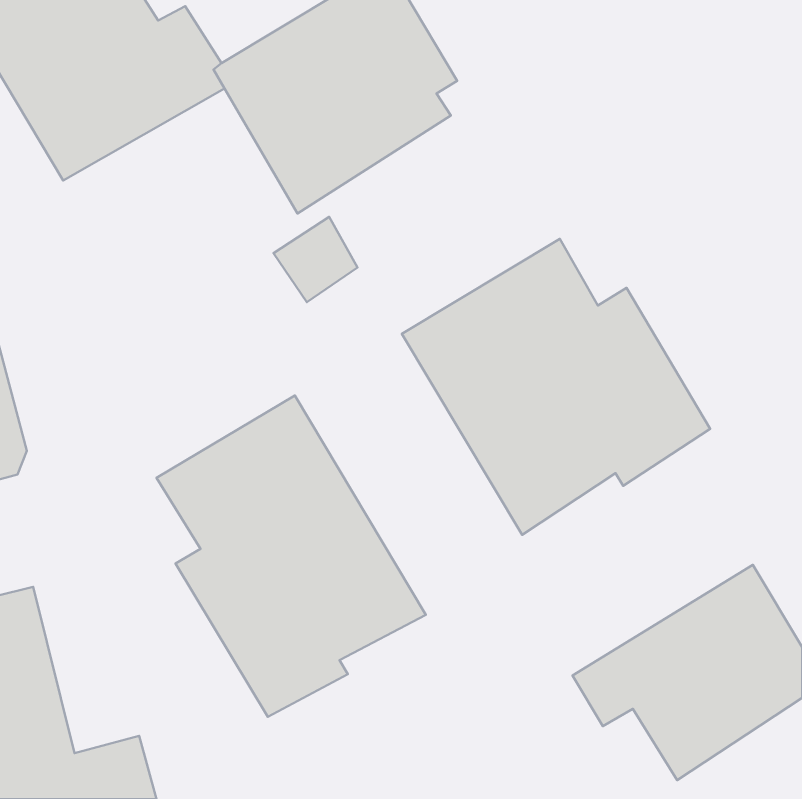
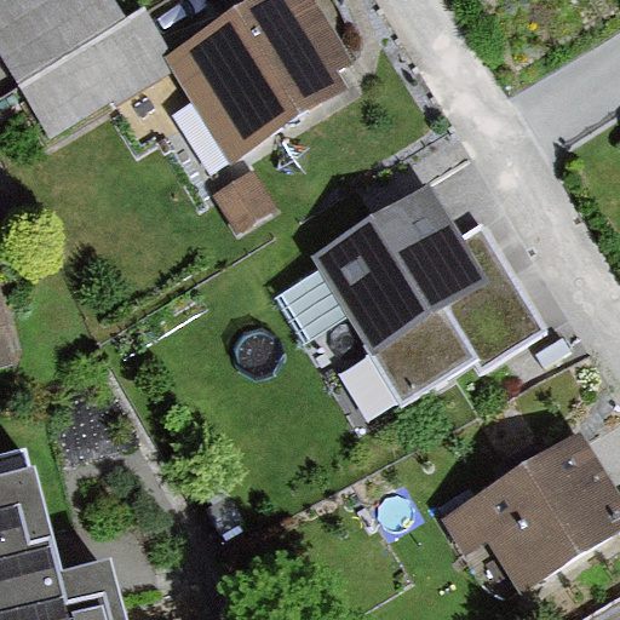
building: [157,395,426,717] -> none

